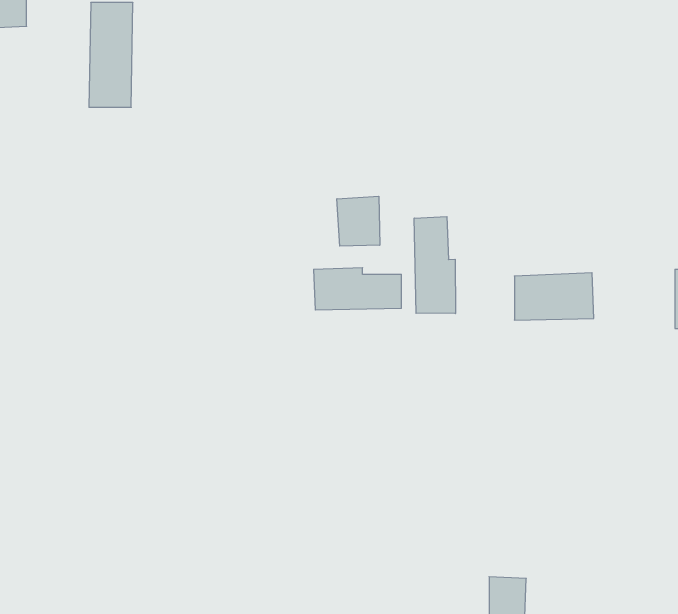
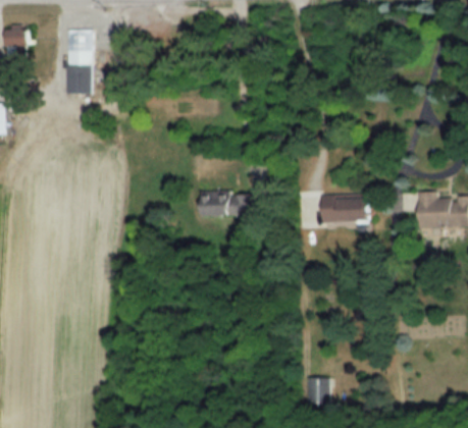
building: [337,196,380,246] -> none
building: [414,217,455,314] -> none

